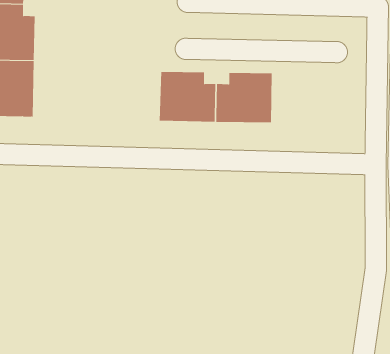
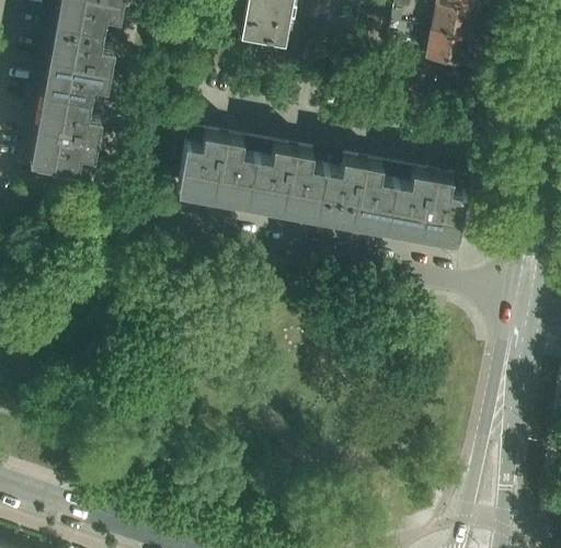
building: none -> [179,133,260,207]
building: none -> [388,171,469,246]

